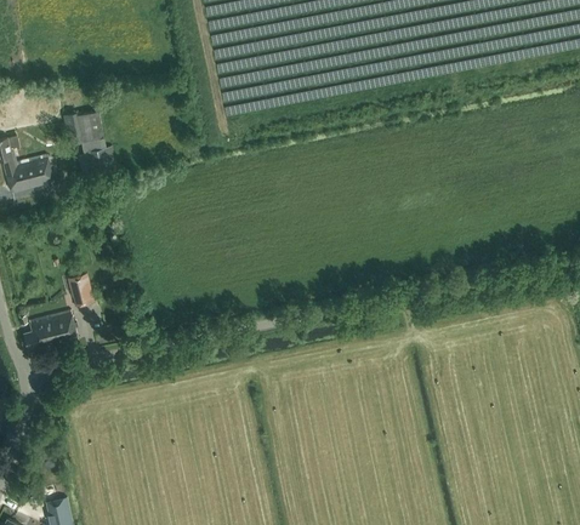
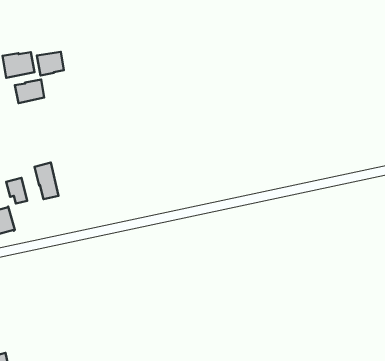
building: none -> [37,52,64,75]
building: none -> [35,163,59,199]

